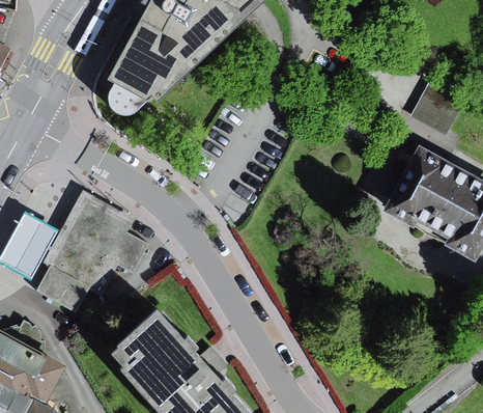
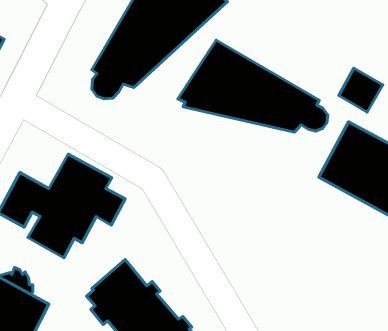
building: none -> [178,40,328,132]

